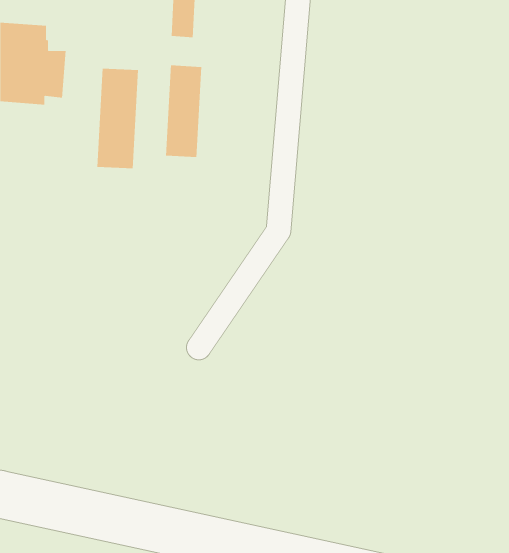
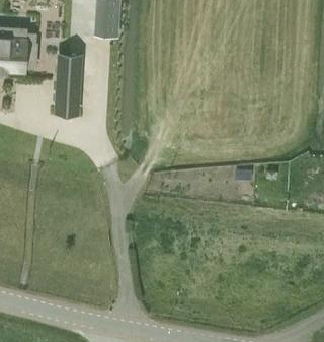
building: [166,64,202,158] -> none

